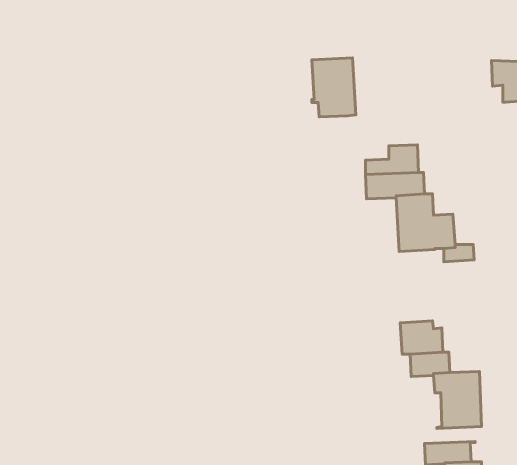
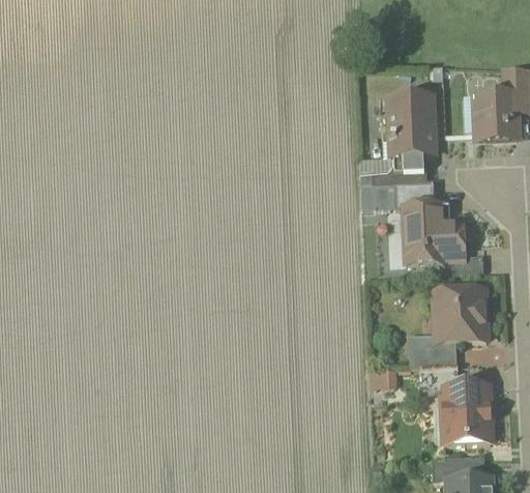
building: [312,58,356,117] -> [389,94,434,154]
building: none -> [476,92,517,138]
building: none -> [434,289,487,341]

